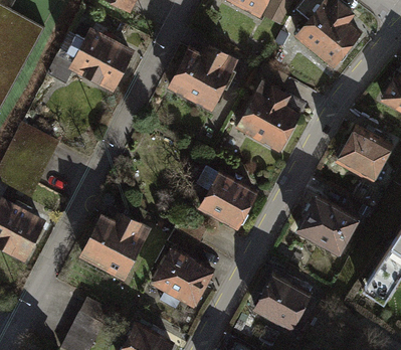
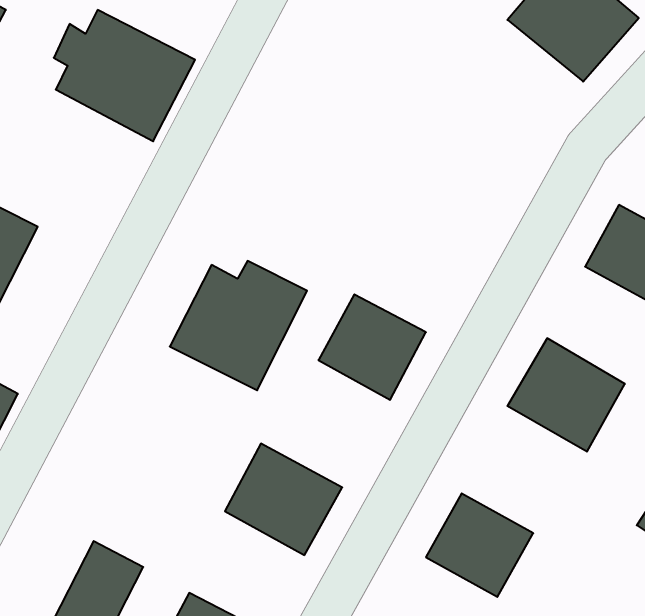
building: [171,48,239,114] -> none
building: [235,79,298,149] -> none
building: [80,213,150,279] -> [170,261,307,390]

